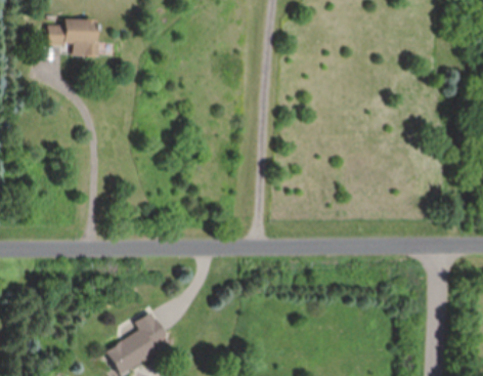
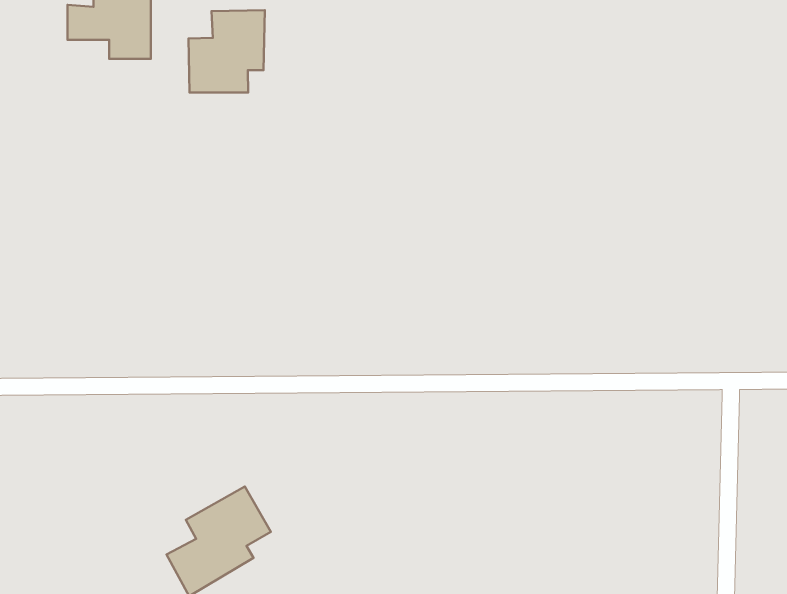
building: none -> [189,10,265,92]

